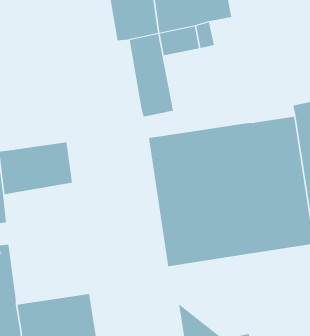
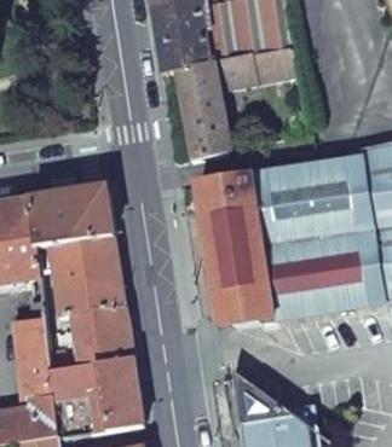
building: none -> [50,232,132,368]

